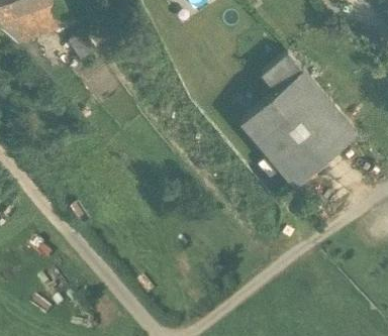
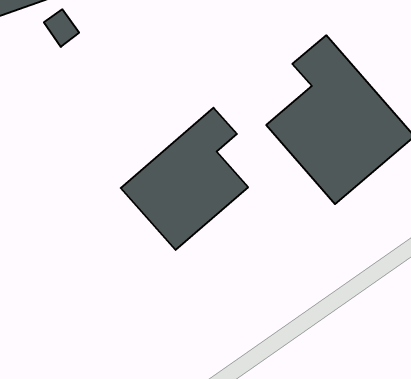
building: none -> [121,108,248,250]

